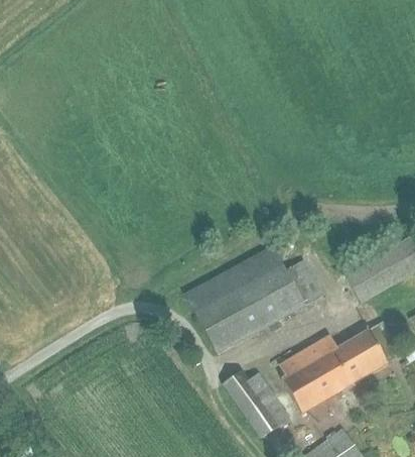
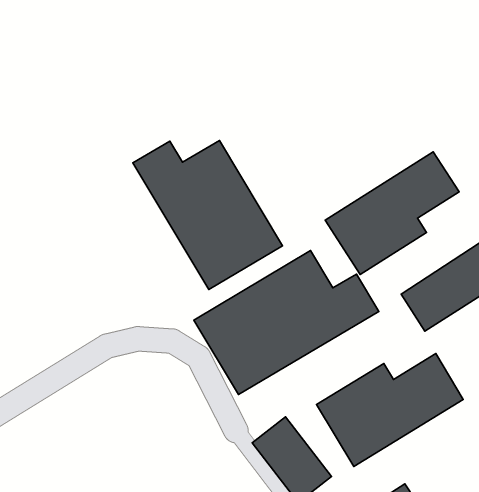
building: none -> [133,140,282,289]
building: none -> [325,152,459,274]

